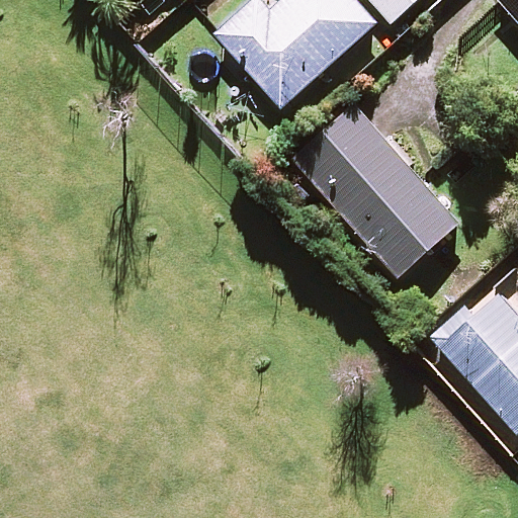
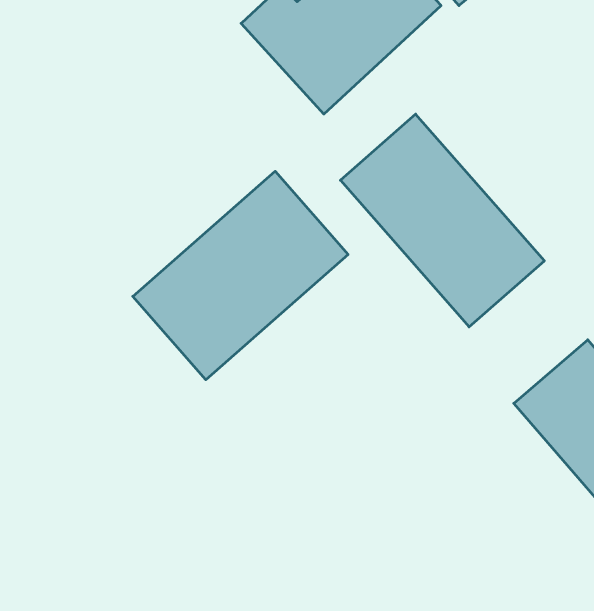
building: none -> [133,171,348,380]

